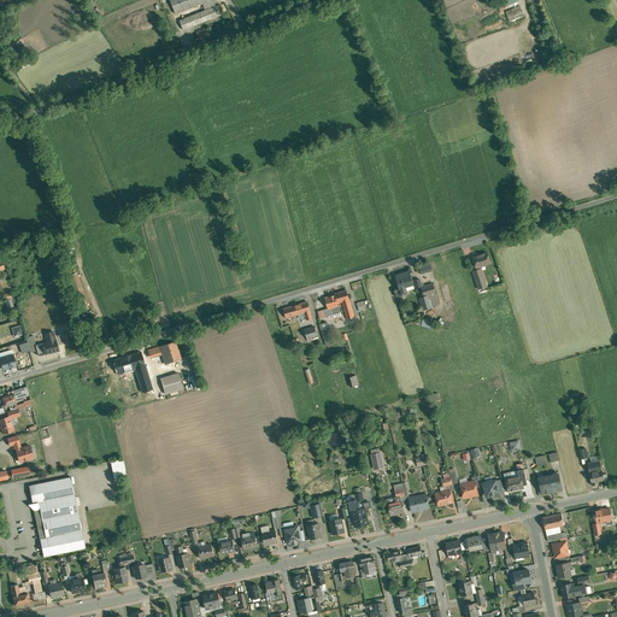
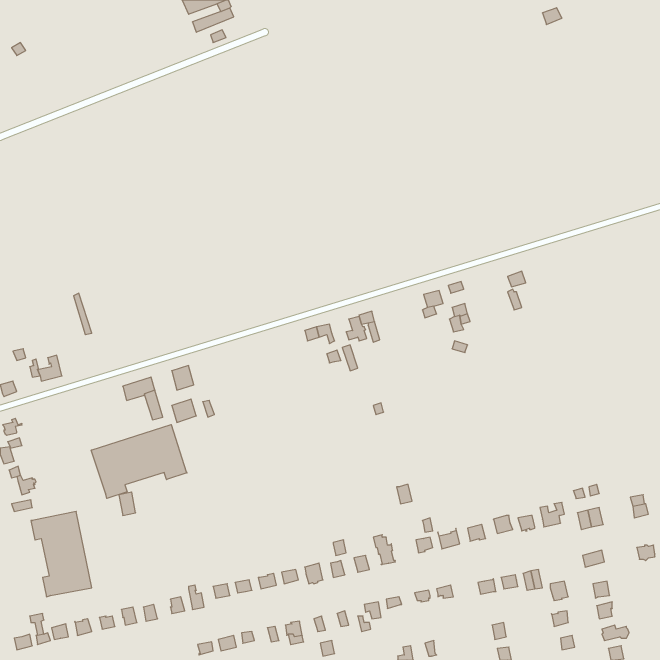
building: none -> [91,425,187,498]

